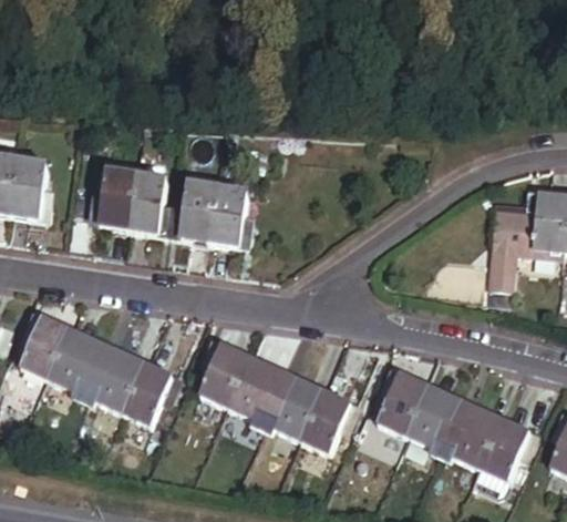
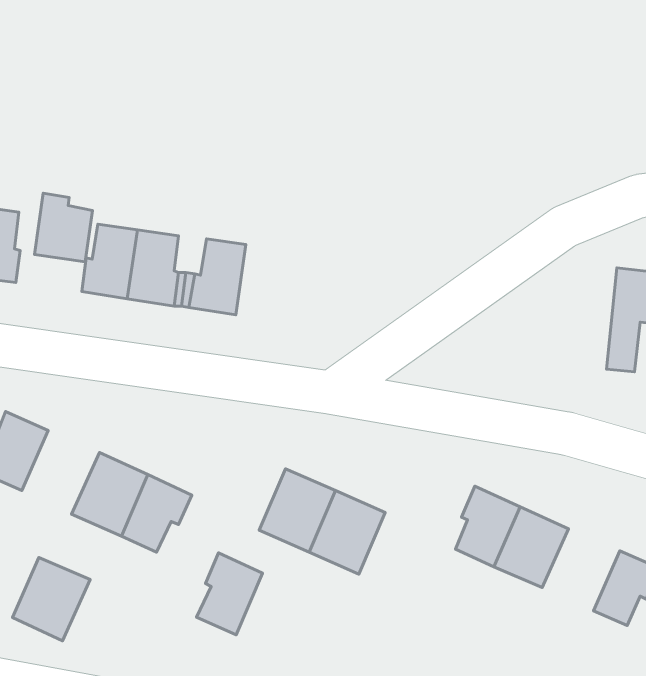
building: none -> [35,193,92,262]
building: [209,187,248,246] -> none
building: [48,328,106,391] -> [13,557,90,641]
building: [197,341,247,403] -> [197,553,263,635]
building: [302,390,353,448] -> none
building: [441,402,499,464] -> none

